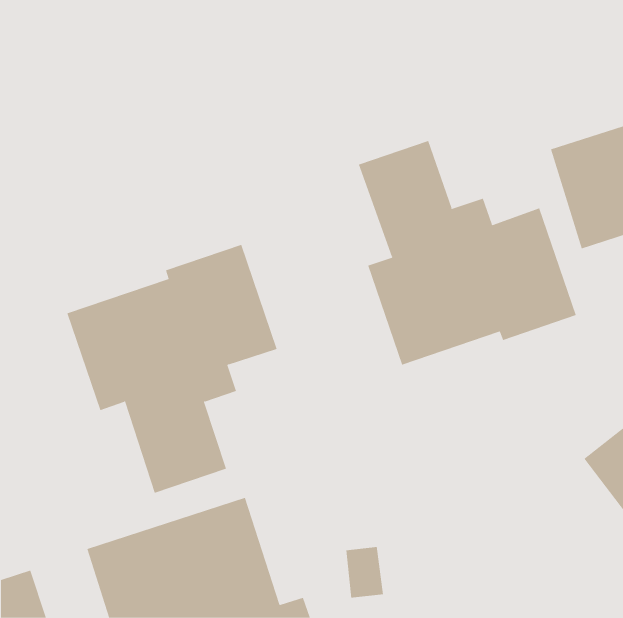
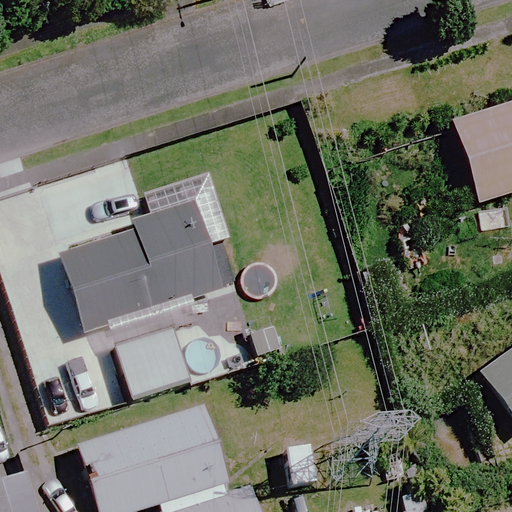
building: [358,140,576,365] -> none

